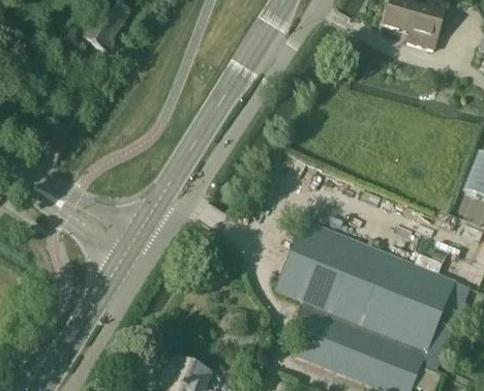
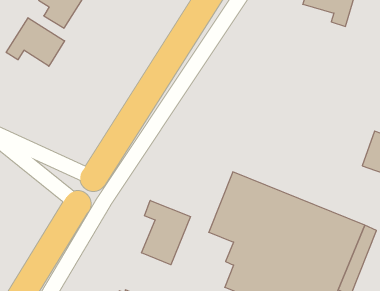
building: none -> [6,18,65,66]
building: none -> [142,200,190,265]

